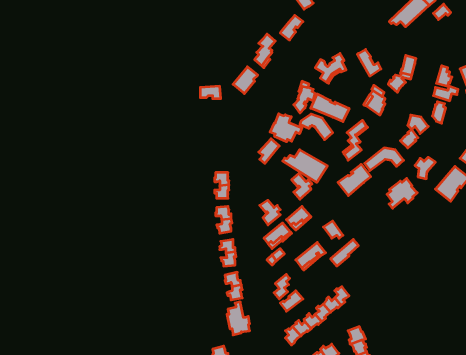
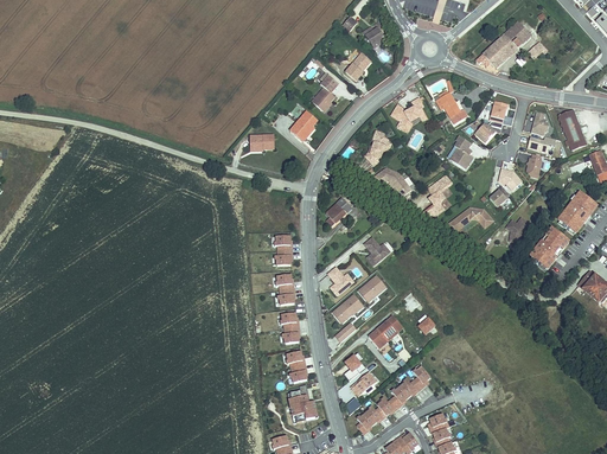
building: [311,94,349,122] -> none
building: [270,114,302,142] -> none
building: [283,150,327,182] -> none
building: [338,164,371,196] -> none
building: [387,178,417,208] -> none

